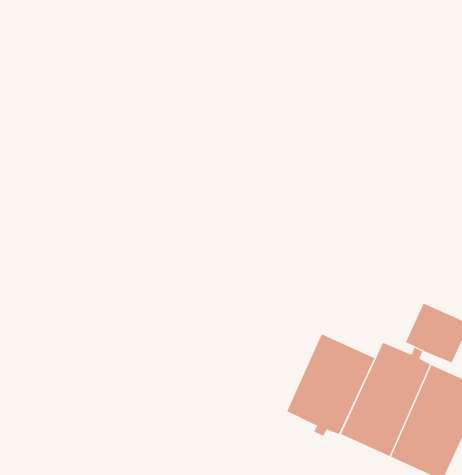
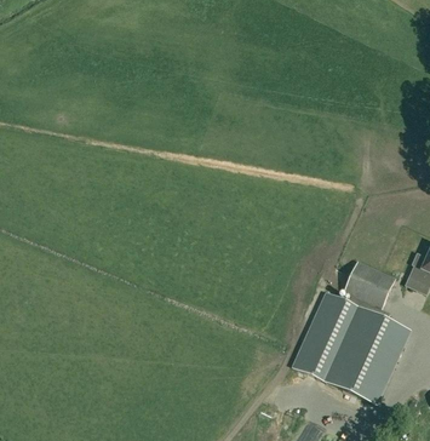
building: [286,334,375,436] -> none

